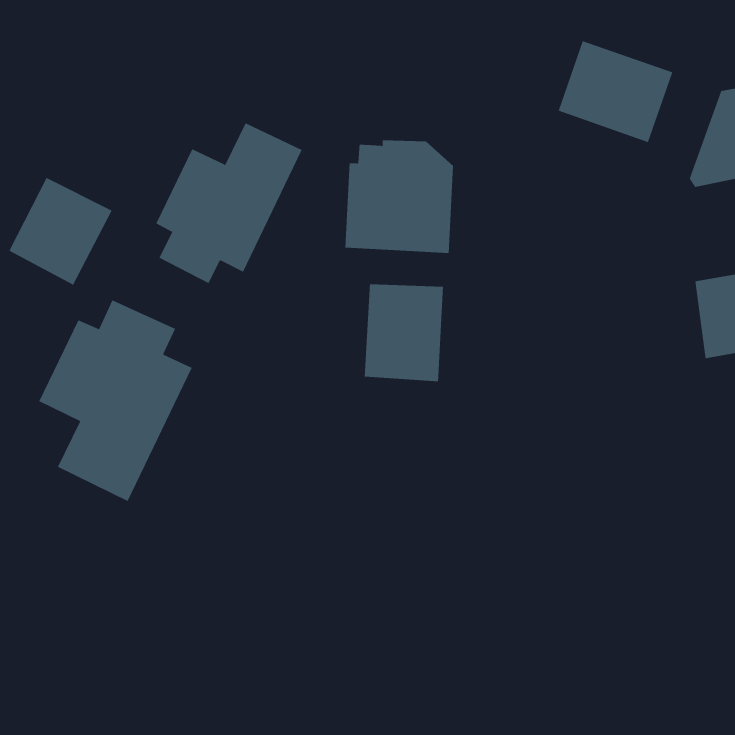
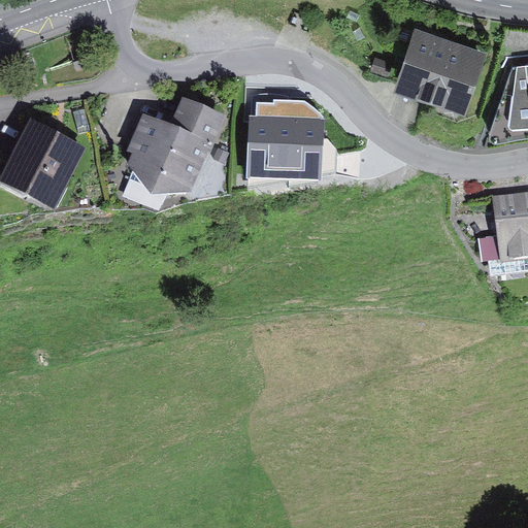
building: [364,283,443,382] -> none
building: [39,300,193,502] -> none

